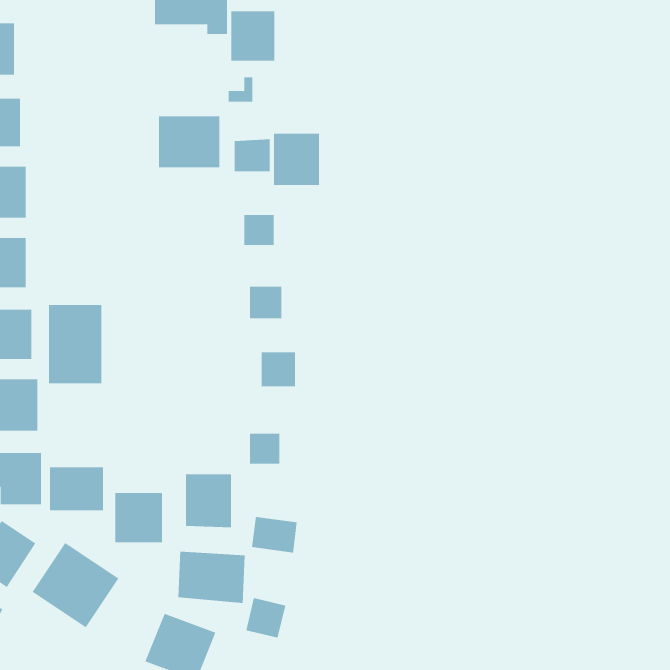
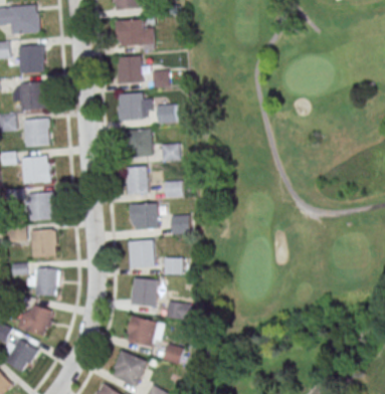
building: [231,11,275,61] -> [118,56,141,82]
building: [273,133,320,186] -> [127,129,151,156]
building: none -> [127,167,148,193]
building: [49,304,102,384] -> none
building: none -> [130,203,158,229]
building: [49,467,103,511] -> none
building: [115,493,163,543] -> [128,240,153,266]
building: [32,542,119,628] -> none

